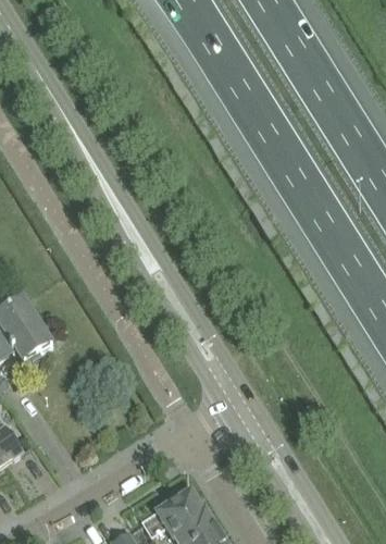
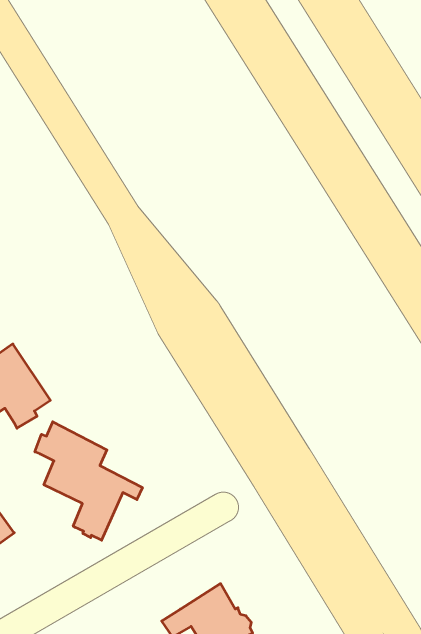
building: none -> [35,422,142,540]

